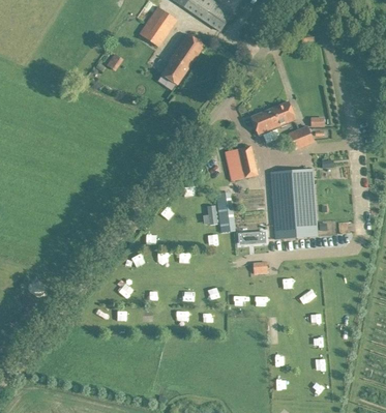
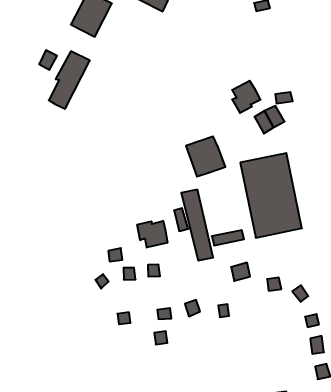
building: [162,34,203,84] -> [49,51,90,109]
building: [250,108,275,136] -> none
building: none -> [137,221,167,248]

